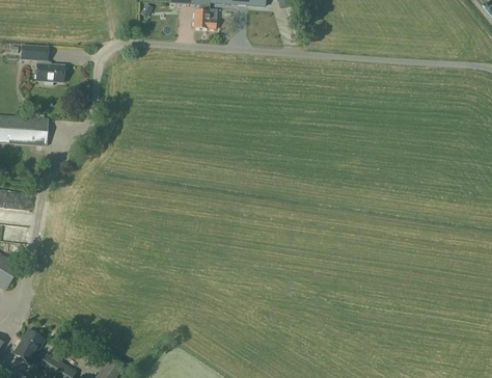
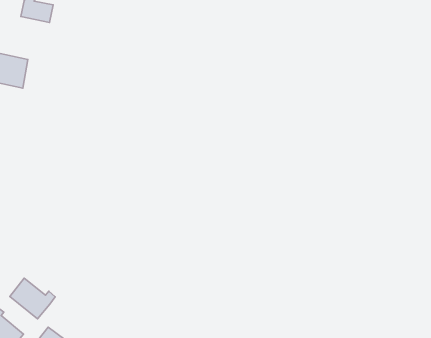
building: none -> [10,278,55,319]

